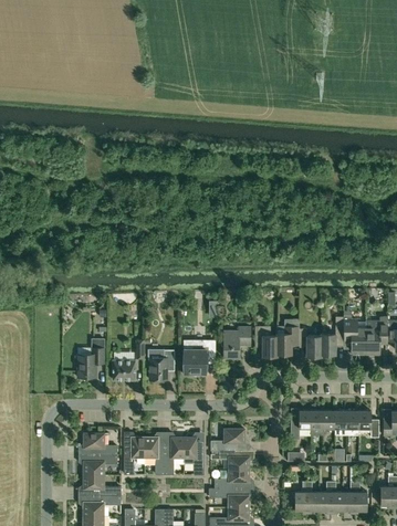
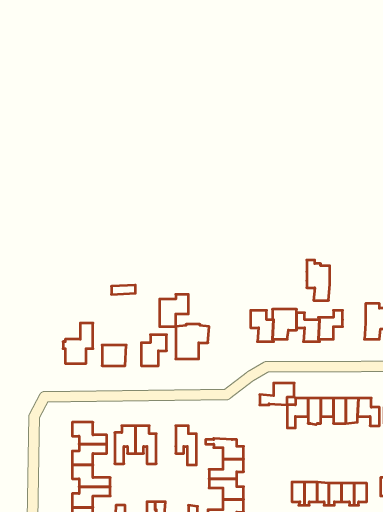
building: [344,316,366,355] -> [307,260,330,300]
building: [223,327,251,358] -> [160,294,188,327]
building: [211,430,244,451] -> [260,383,294,405]
building: [165,438,184,474] -> none

